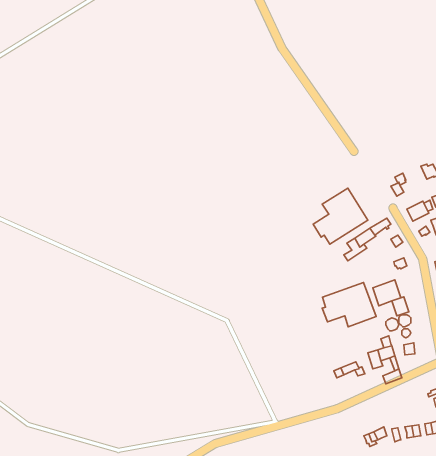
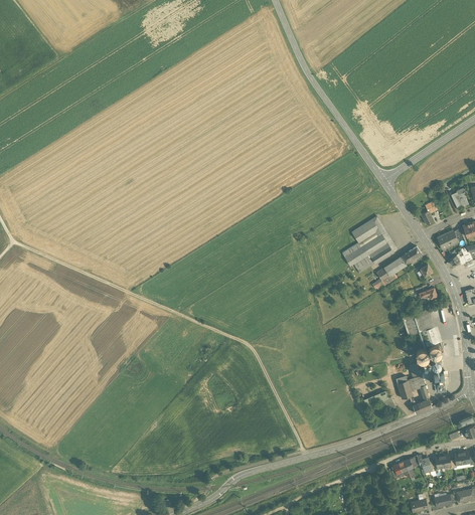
building: [322,282,376,327] -> none

